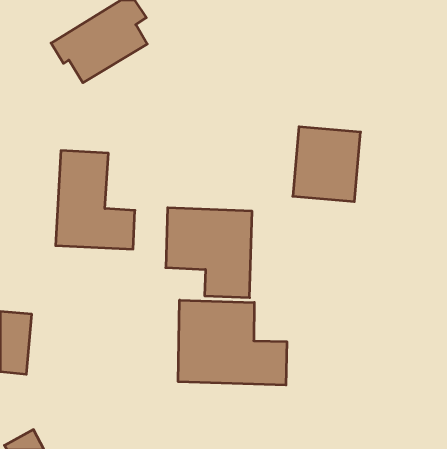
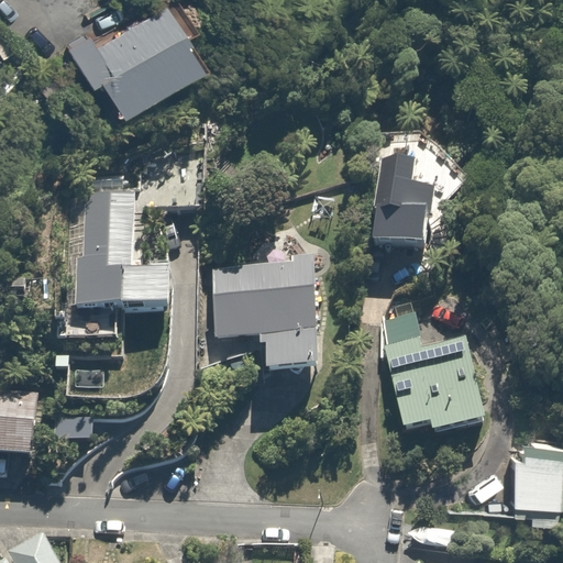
building: none -> [386,329,488,437]
building: [178,300,287,385] -> none
building: none -> [506,453,549,499]

